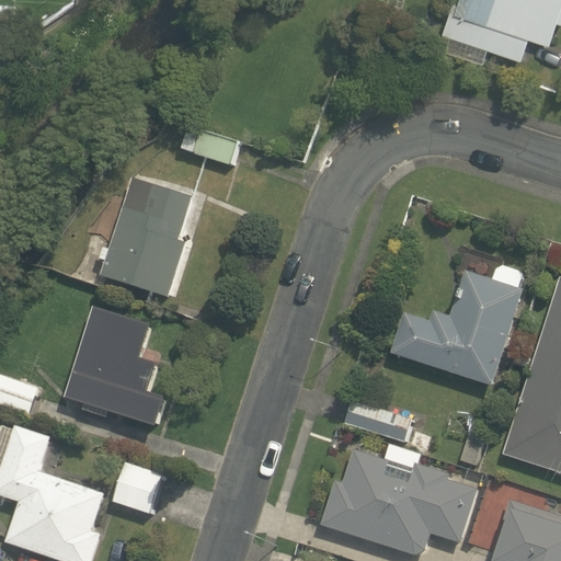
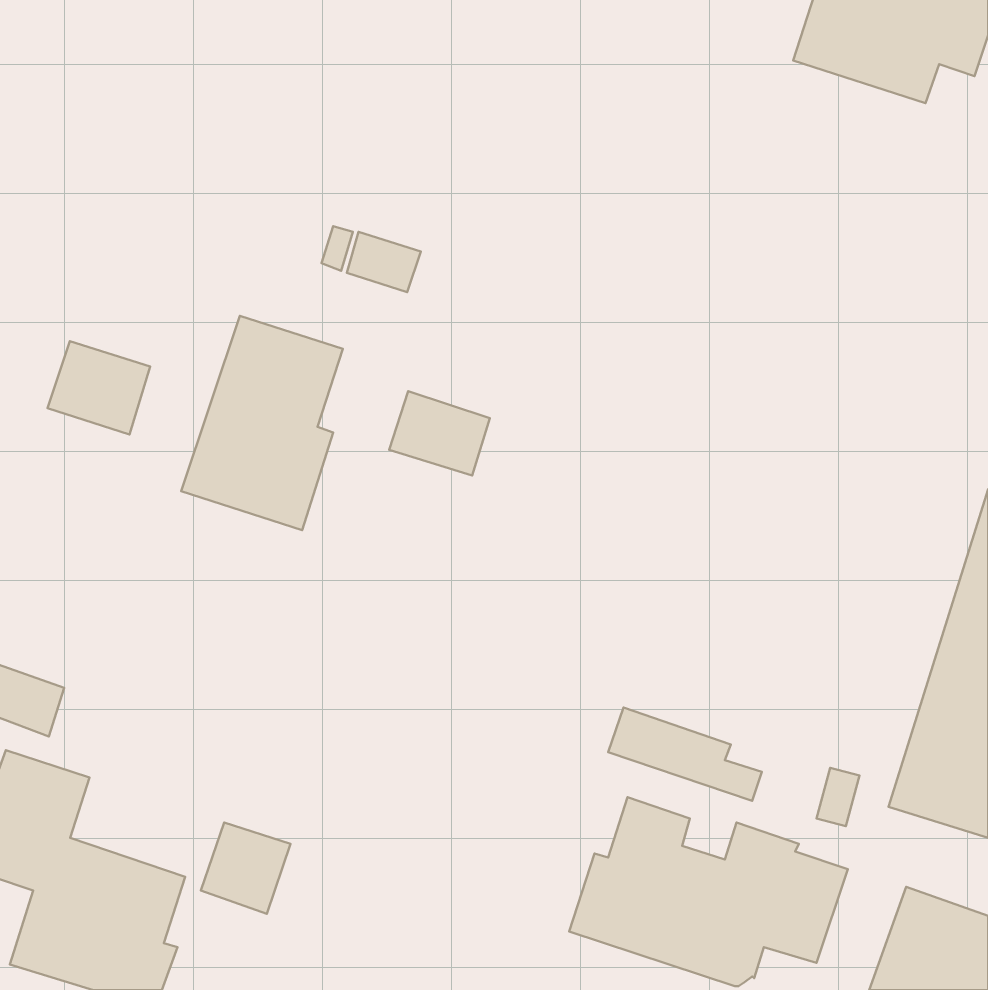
building: none -> [48,341,150,435]
building: none -> [389,391,490,475]
building: [390,266,523,387] -> none
building: [65,307,167,427] -> none

